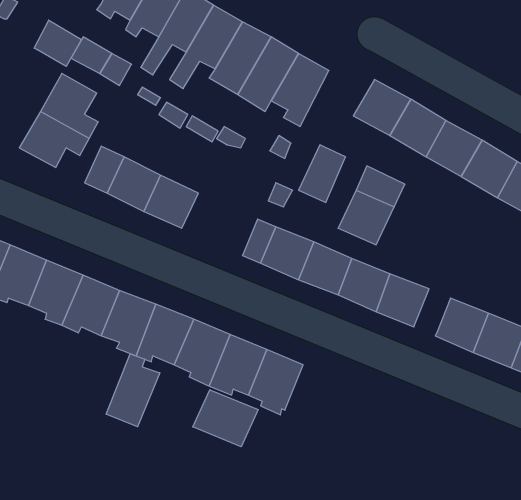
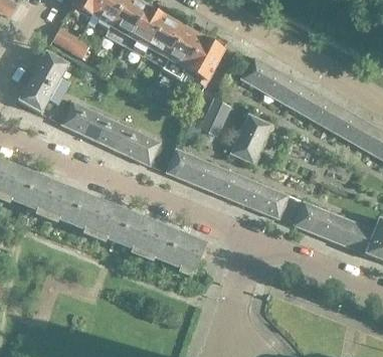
building: [34,20,82,66] -> none
building: none -> [126,131,162,165]
building: [106,354,160,427] -> none
building: [193,390,258,447] -> none

